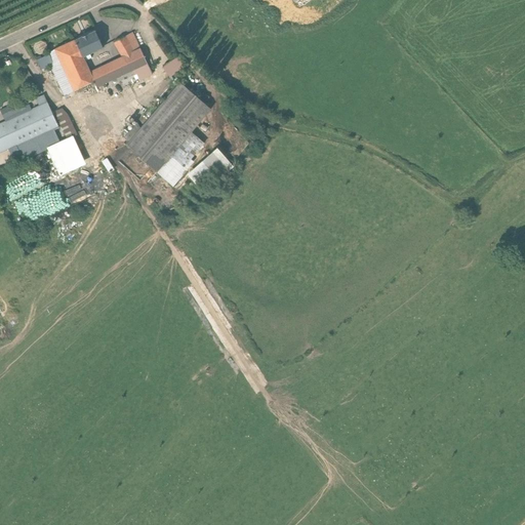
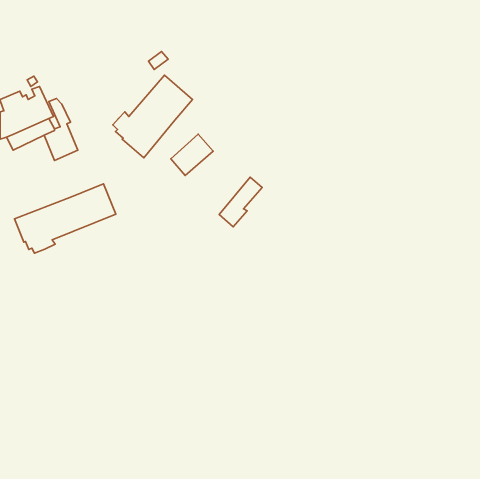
building: [36,31,152,95] -> none
building: [157,131,204,186] -> [219,177,262,227]
building: none -> [14,184,116,253]

